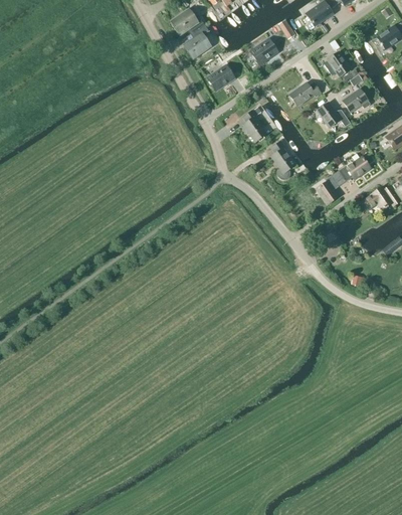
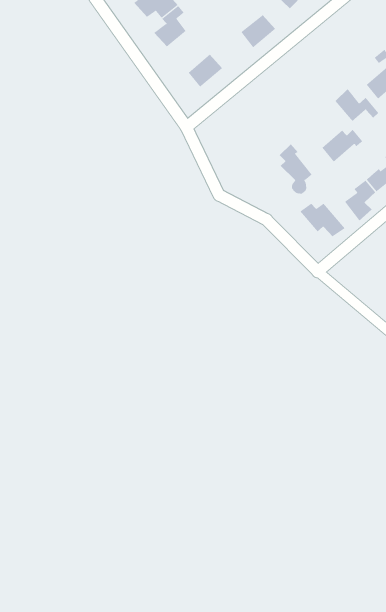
building: [324,50,351,76] -> none
building: [288,81,321,106] -> [322,129,363,162]
building: [242,106,266,141] -> none
building: none -> [299,203,345,237]

